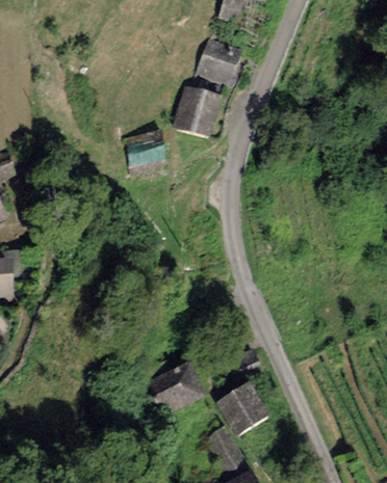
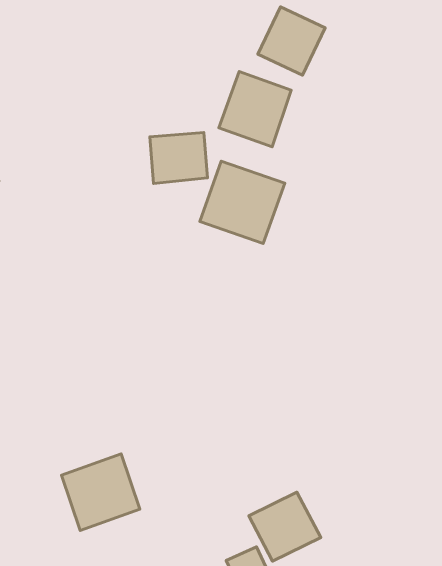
building: none -> [200,161,285,244]
building: [148,360,206,418] -> [61,454,140,530]

